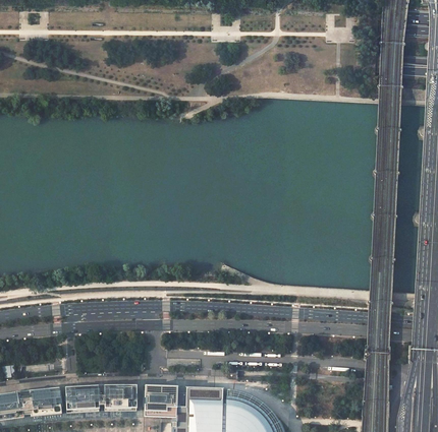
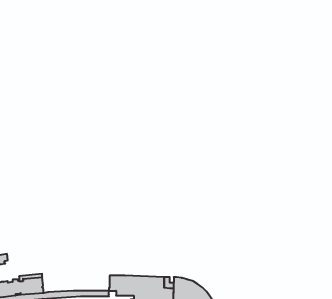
building: [63,389,134,412] -> none

